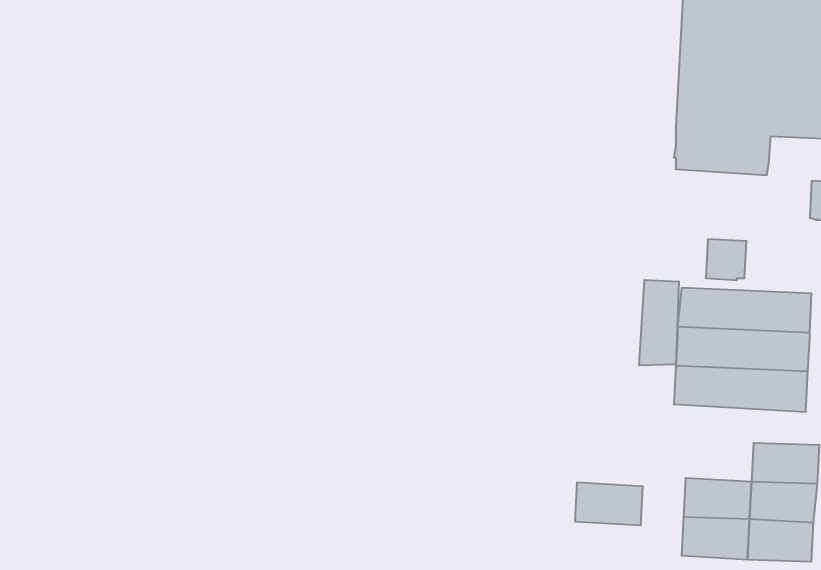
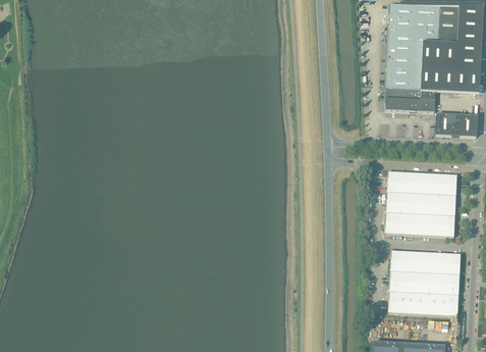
building: [706,239,747,280] -> [436,114,457,136]
building: [639,280,679,365] -> none
building: [575,483,643,525] -> [391,251,427,273]

